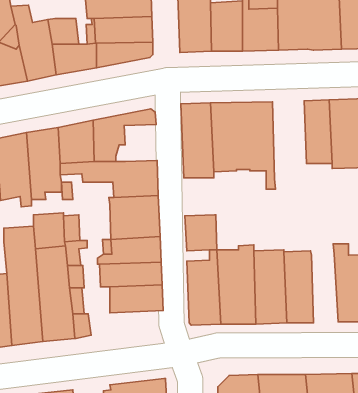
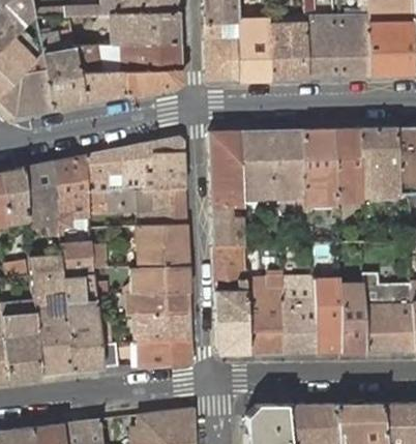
building: none -> [301,129,336,223]
building: none -> [152,153,185,190]
building: none -> [212,207,243,245]
building: none -> [340,284,367,353]
building: none -> [138,341,192,369]

